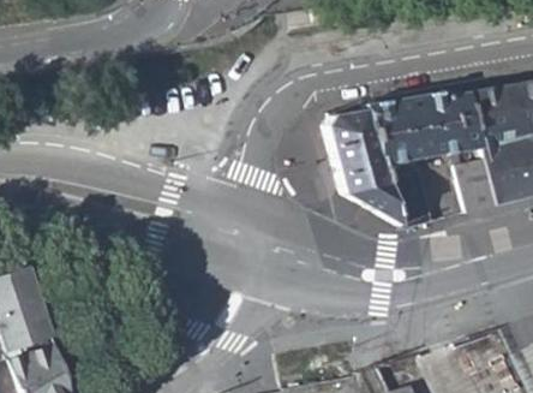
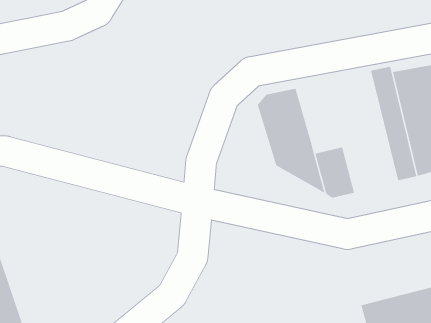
building: [363,90,474,216] -> none

